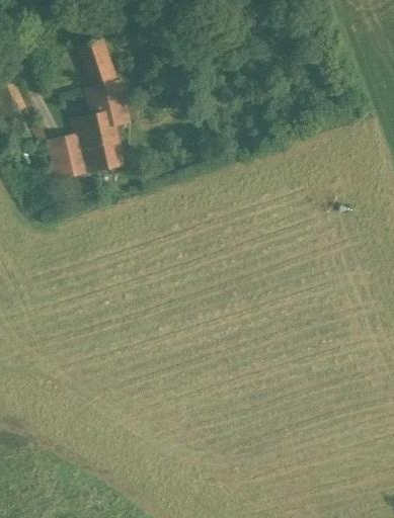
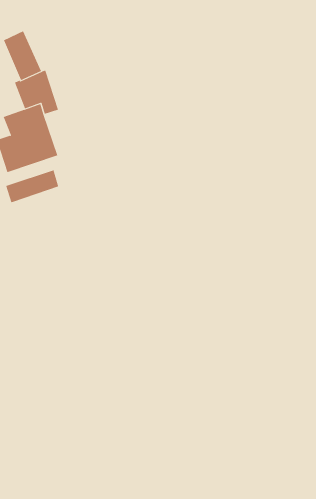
building: none -> [5,169,59,204]

